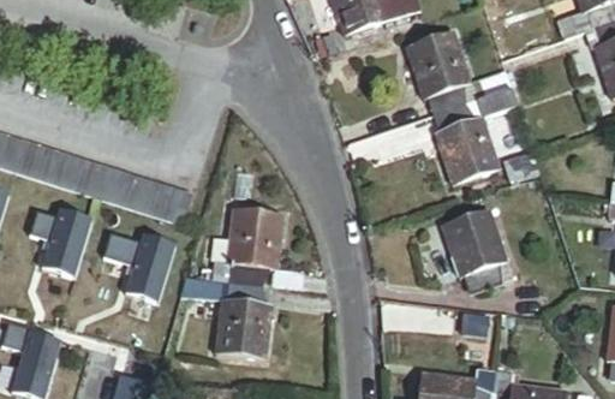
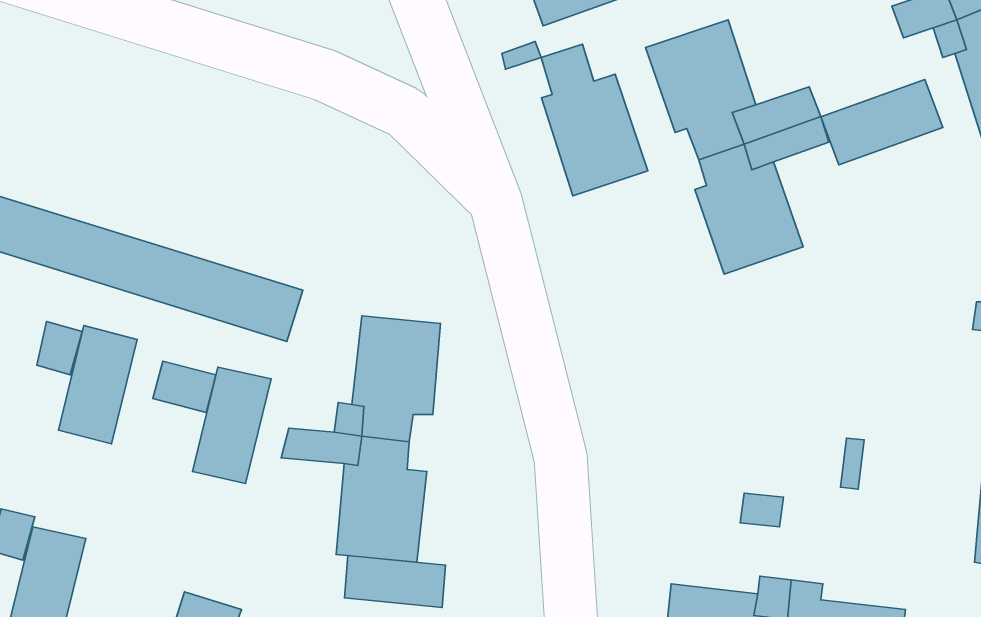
building: none -> [541,44,648,196]
building: none -> [821,80,943,165]
building: [441,207,506,290] -> none
building: none -> [344,555,446,607]

